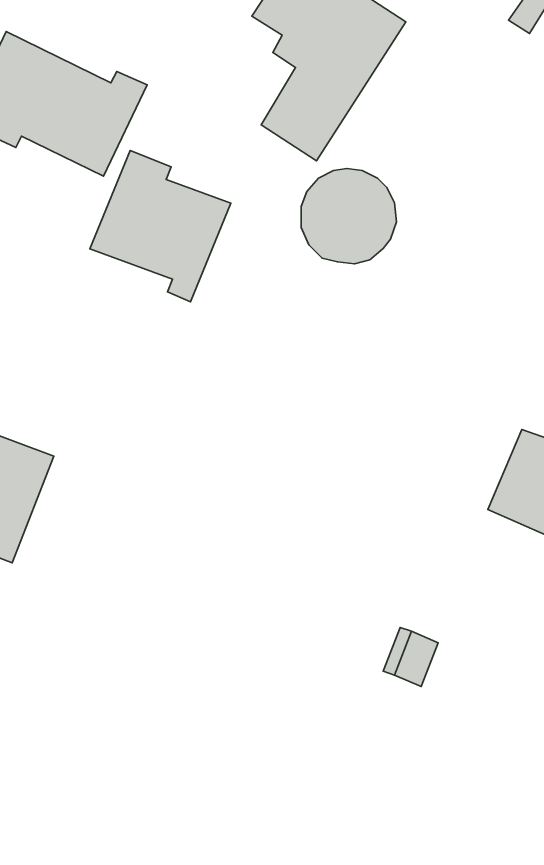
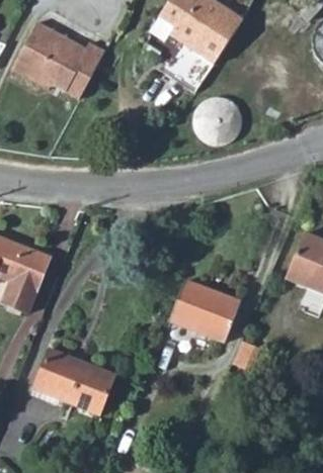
building: [90,150,231,302] -> none
building: none -> [172,275,242,335]
building: none -> [36,349,116,412]

